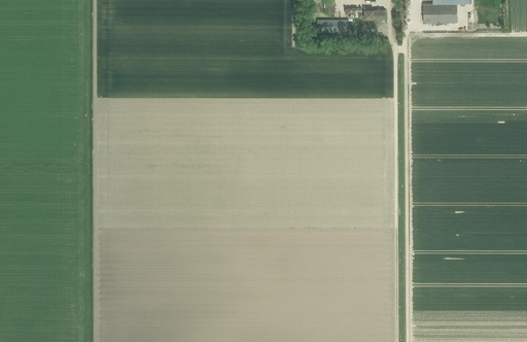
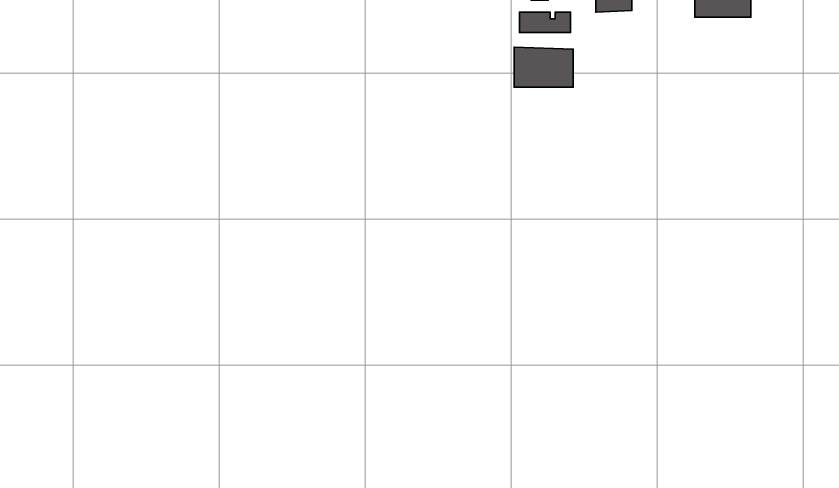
building: none -> [514,47,573,87]

